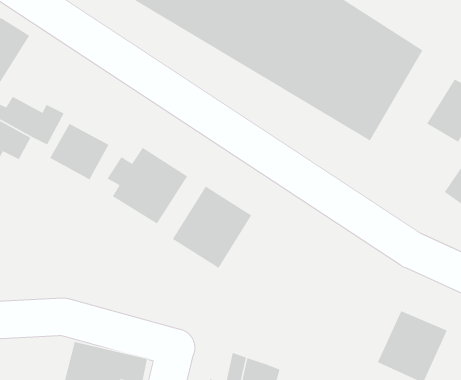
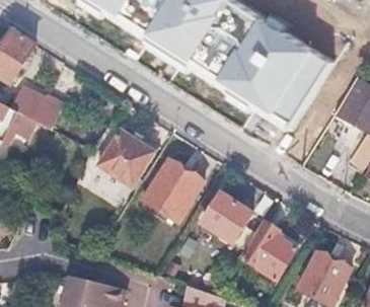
building: [49,123,109,181] -> none
building: none -> [201,193,252,243]
building: none -> [242,222,296,281]

